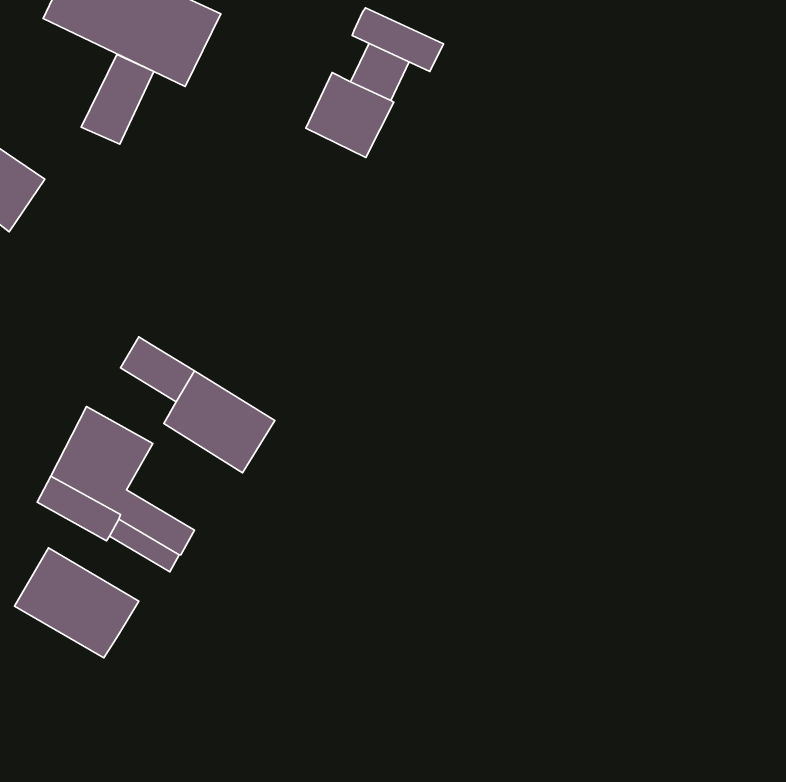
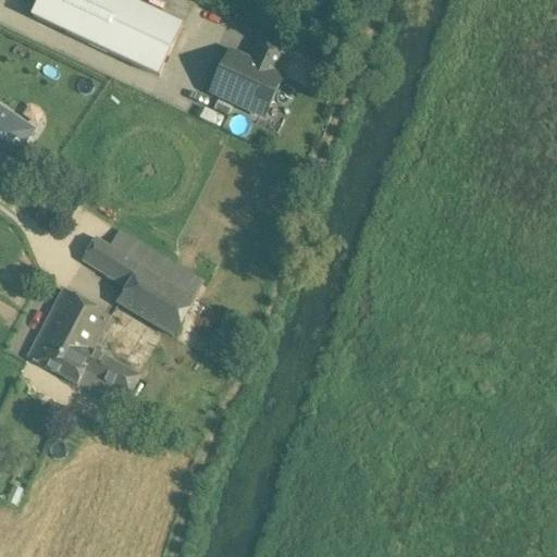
building: [352,8,443,71] -> none
building: [81,54,154,144] -> [131,10,182,73]
building: none -> [107,226,203,296]
building: [14,548,139,658] -> none

